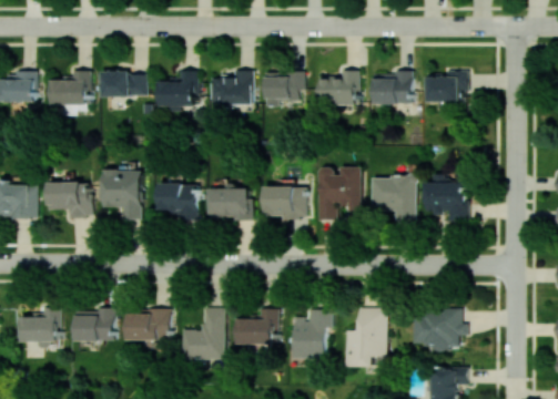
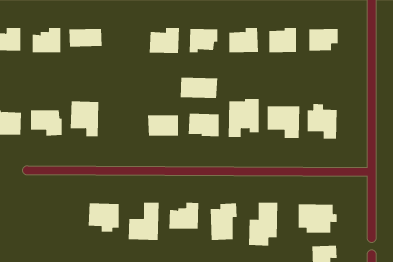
building: [158,70,197,111] -> none
building: none -> [180,77,218,99]
building: [159,183,197,217] -> none
building: [21,307,61,348] -> none
building: [75,308,114,341] -> none

